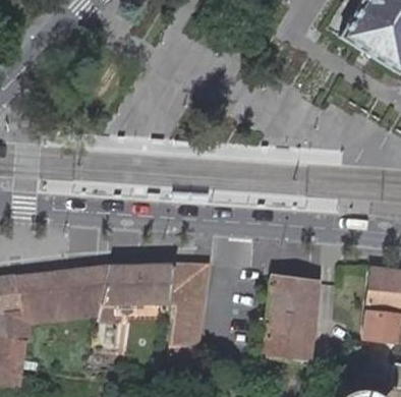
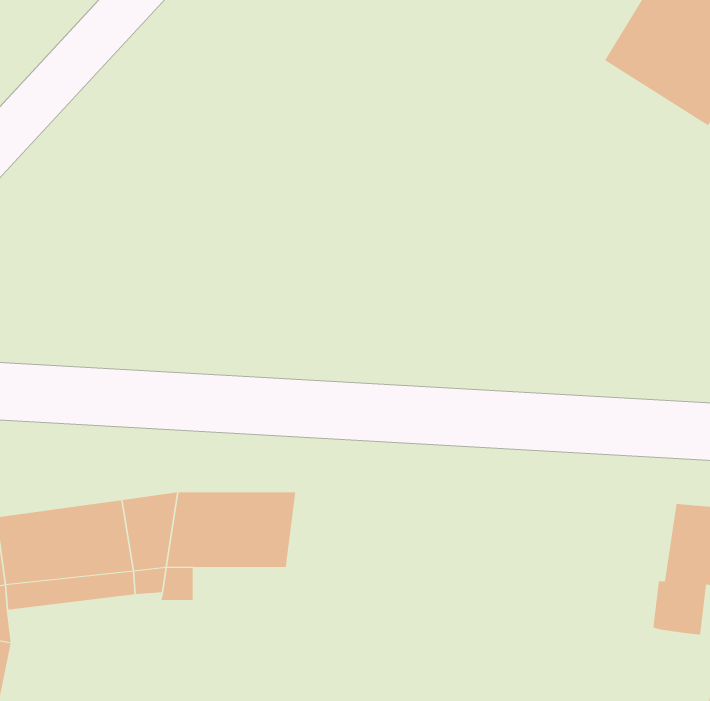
building: [171,264,211,364] -> none
building: [263,278,320,360] -> none

